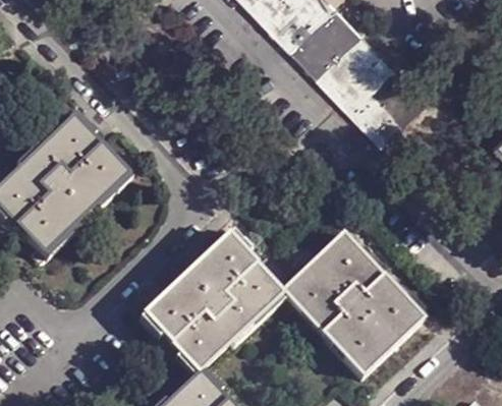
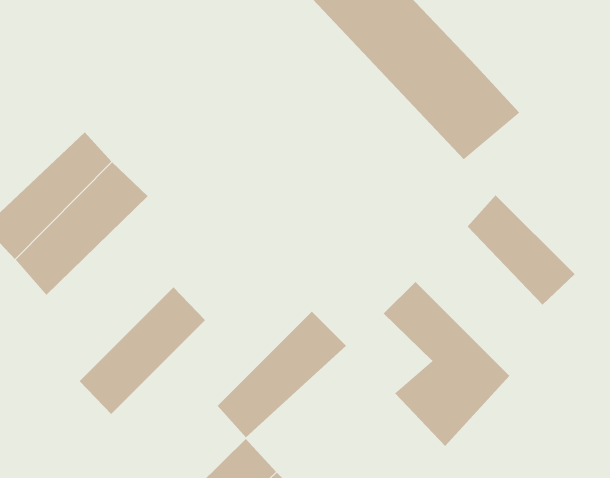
building: none -> [467,194,576,306]
building: [151,238,255,343] -> [79,287,206,415]
building: [283,268,352,333] -> none

